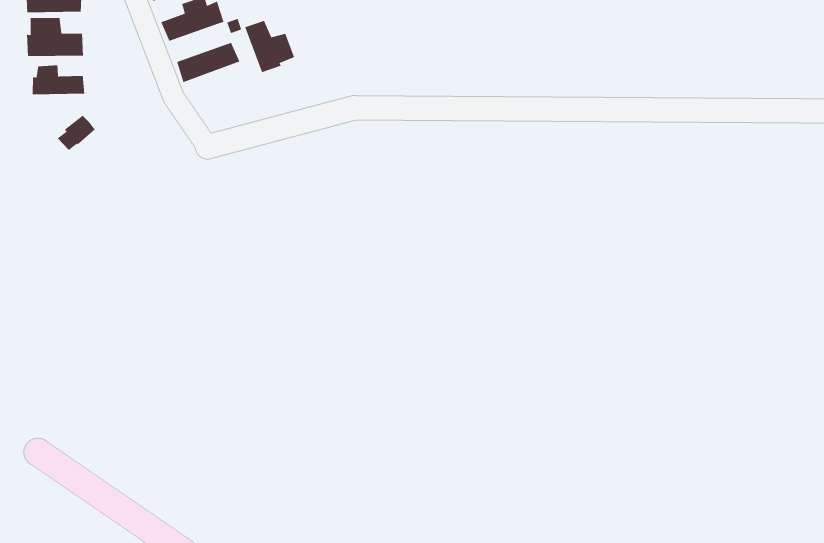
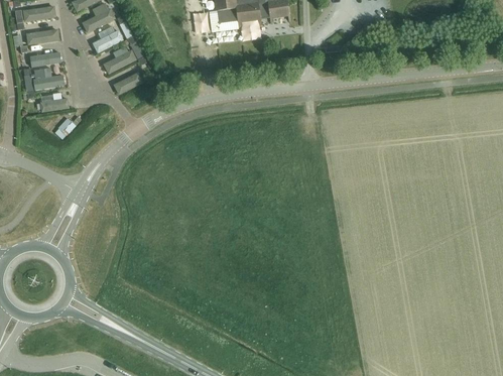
building: [244,20,295,73] -> none

